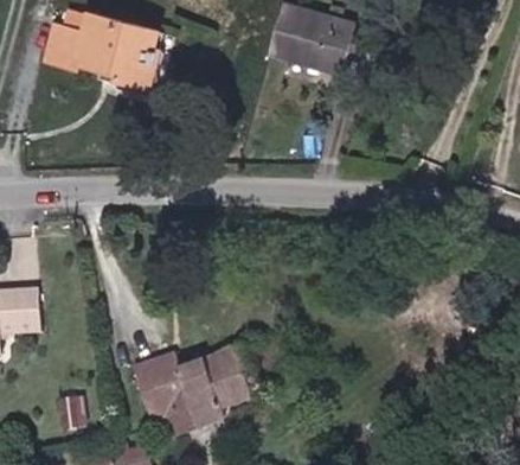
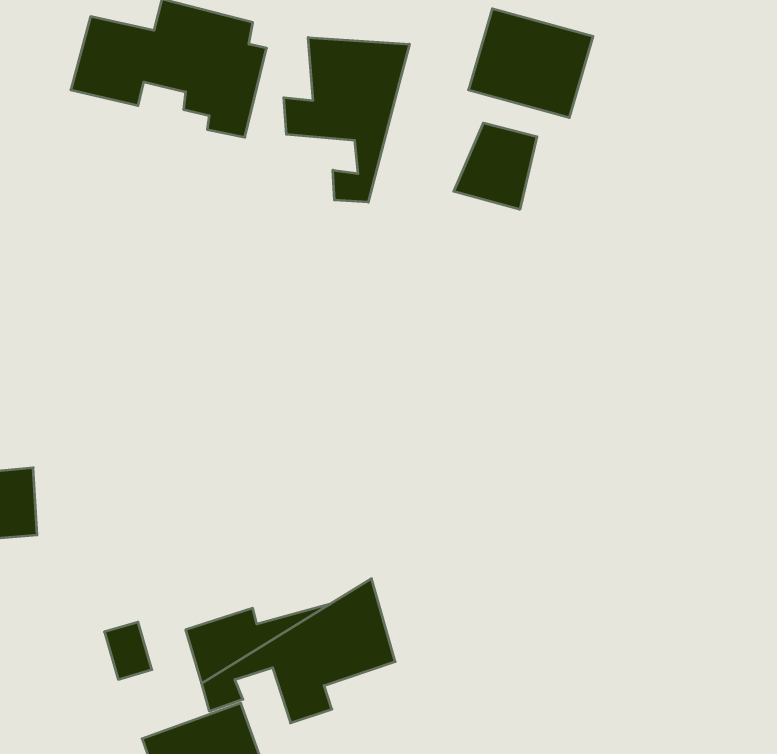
building: none -> [284,37,409,202]
building: none -> [454,123,537,209]

